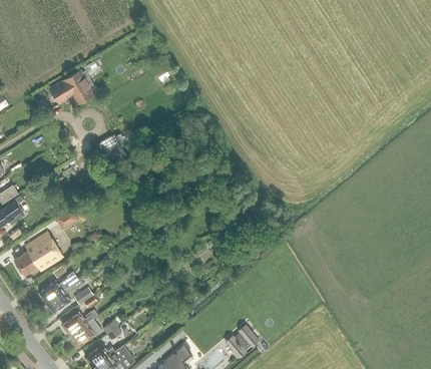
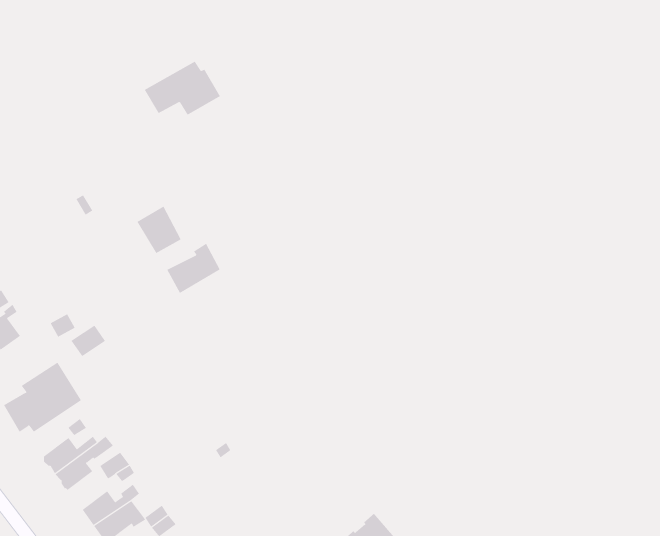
building: [49,70,97,104] -> [144,61,221,115]
building: none -> [166,243,221,294]

